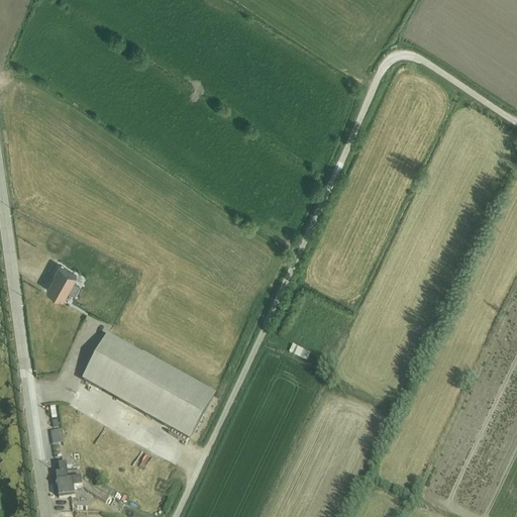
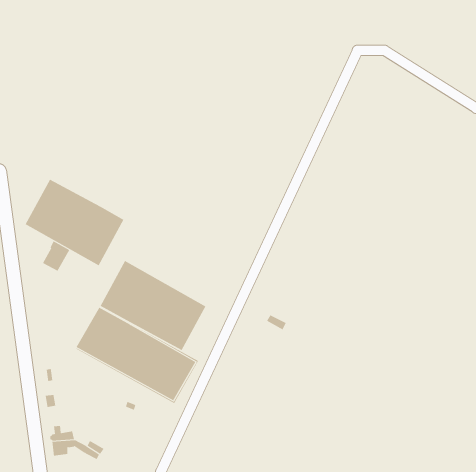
building: none -> [25,179,124,266]
building: none -> [100,260,206,351]

